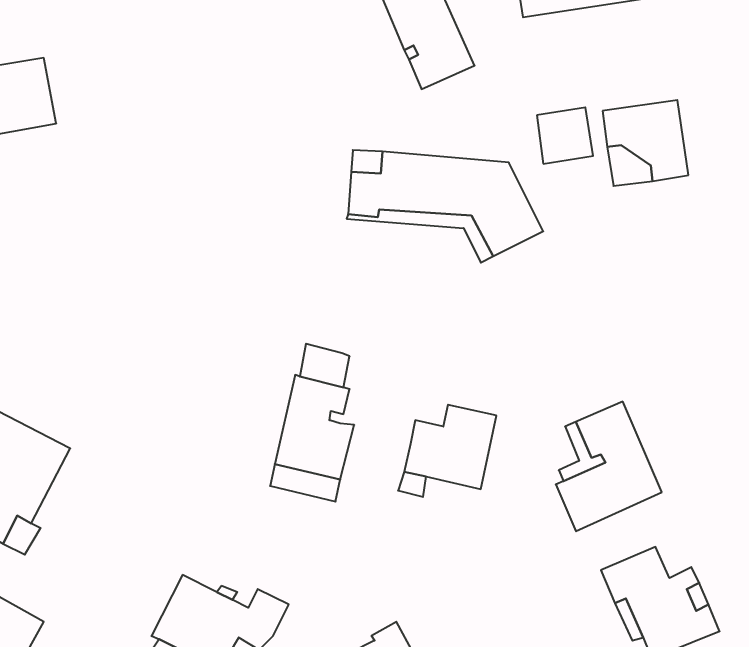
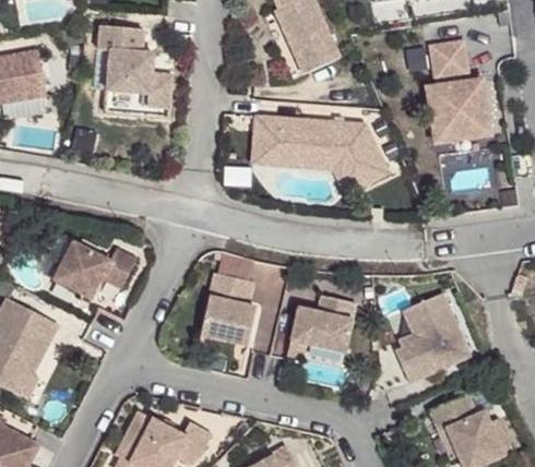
building: none -> [96,25,170,107]
building: [537,107,593,164] -> [430,39,469,79]
building: none -> [52,240,135,298]

